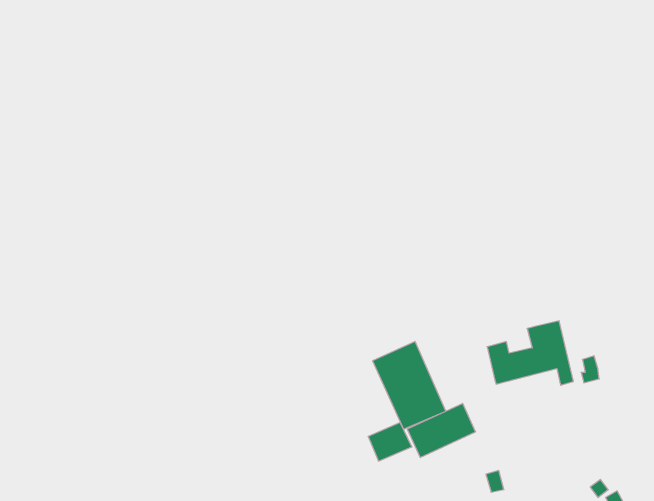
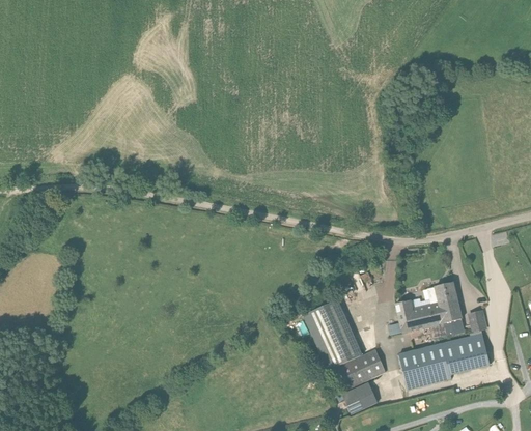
building: none -> [398,332,490,389]
building: [368,422,412,461] -> [342,382,378,413]

